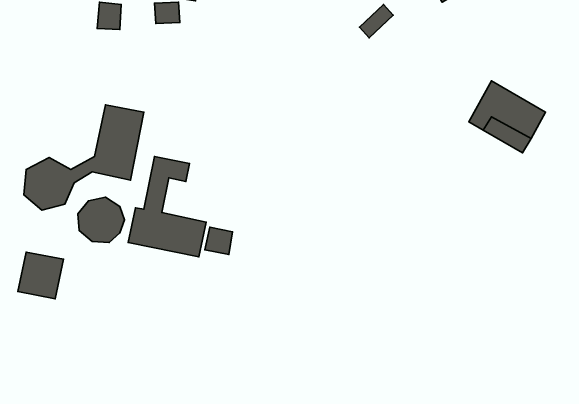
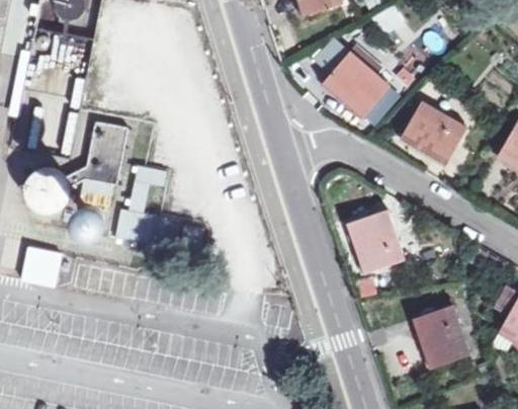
building: none -> [322,52,388,105]
building: none -> [351,210,404,271]
building: none -> [412,305,468,367]

